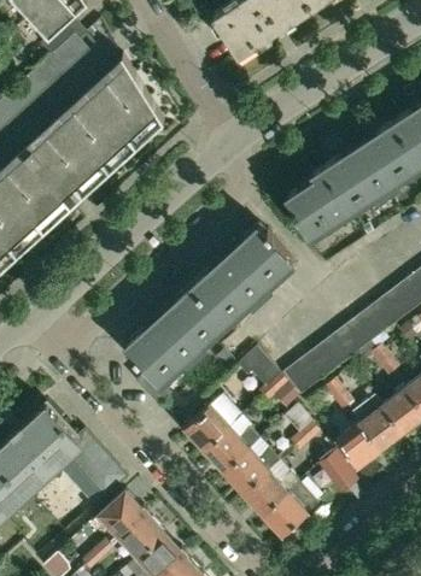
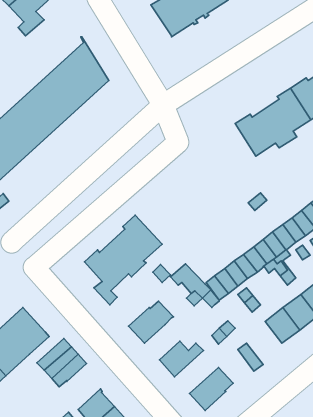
building: [285,169,346,235] -> none
building: [191,225,292,324] -> none
building: [203,419,257,474] -> none
building: [335,424,380,470] -> none
building: [54,430,99,477] -> none
building: [241,462,298,517] -> none
building: [97,492,146,537] -> none

